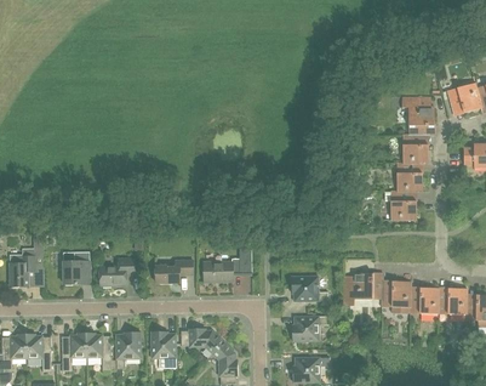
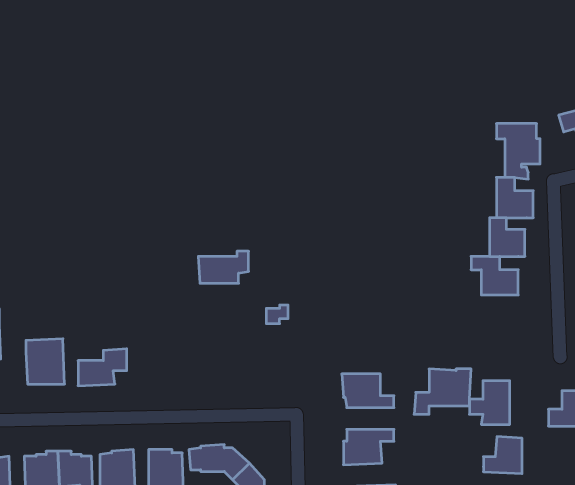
building: [202,257,239,280] -> [198,251,249,283]
building: [155,259,193,282] -> none
building: [411,286,439,313] -> [483,437,522,474]

